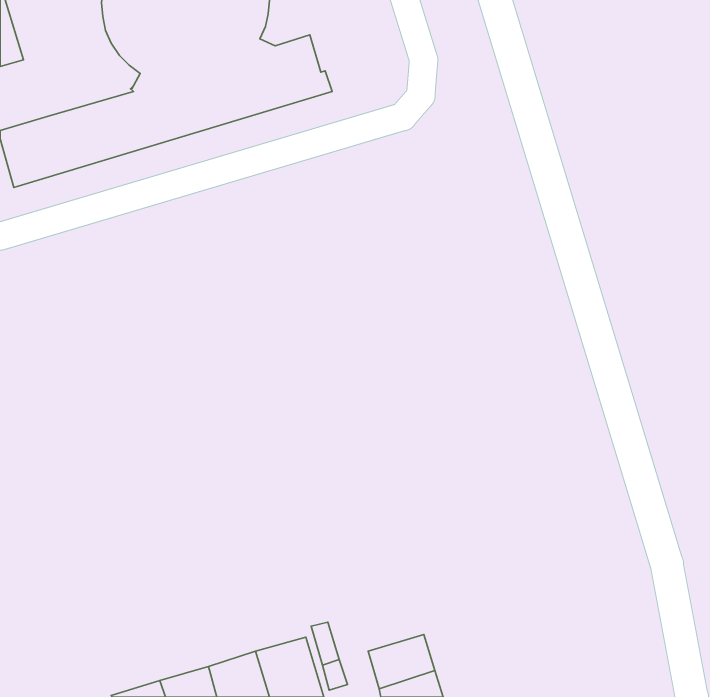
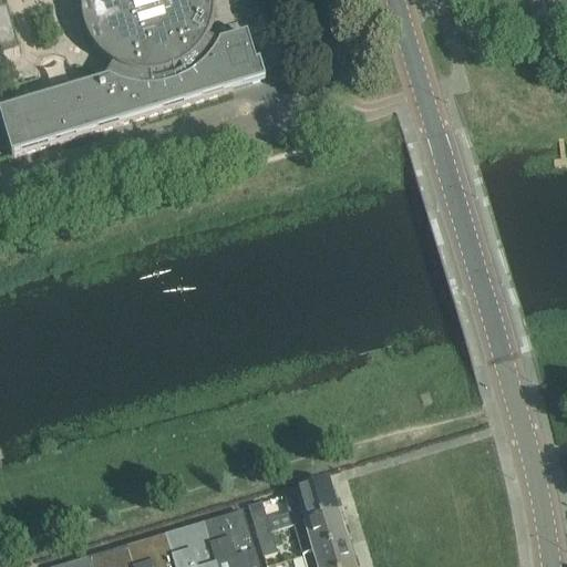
building: none -> [285,475,338,519]

